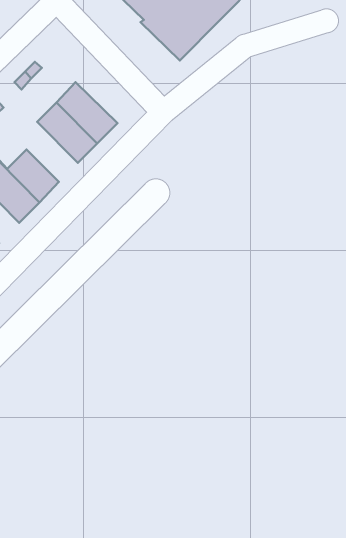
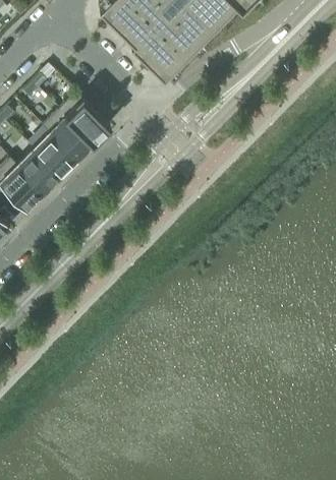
building: none -> [33,127,76,178]

